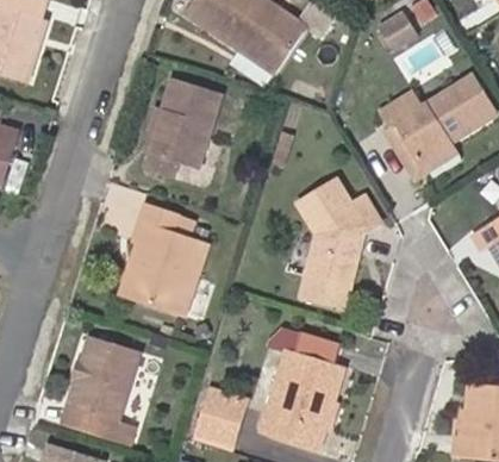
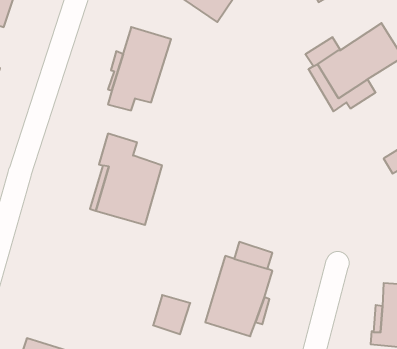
building: [298,177,382,302] -> none
building: [61,336,138,445] -> none

